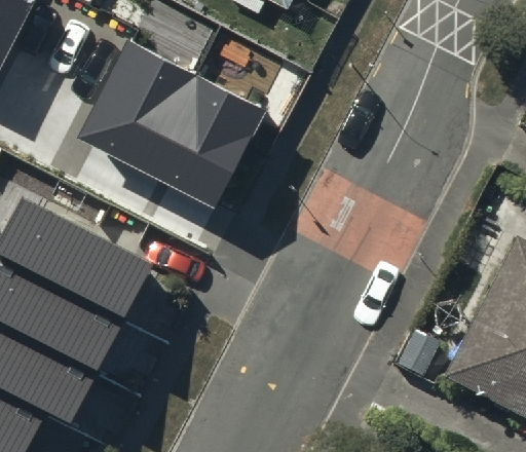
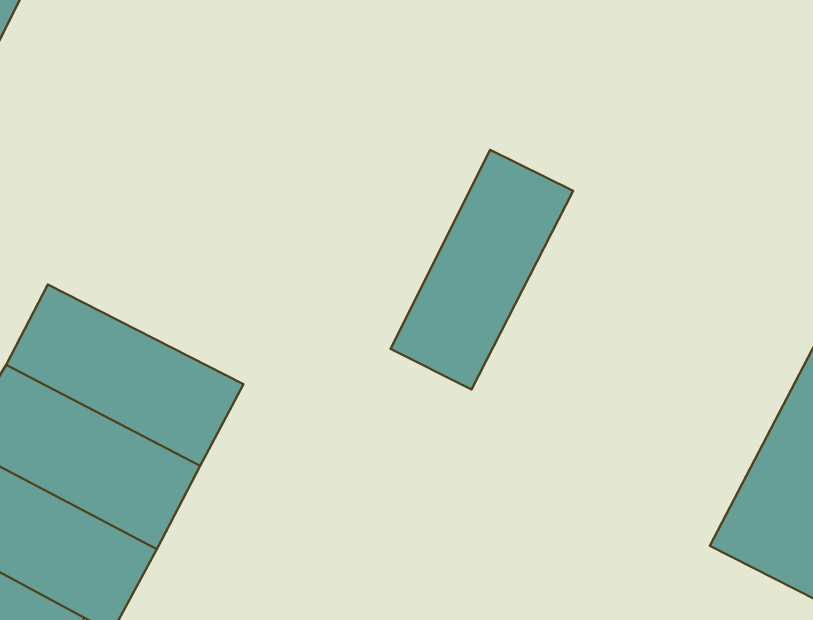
building: [81,37,264,202] -> none
building: none -> [391,150,573,389]

